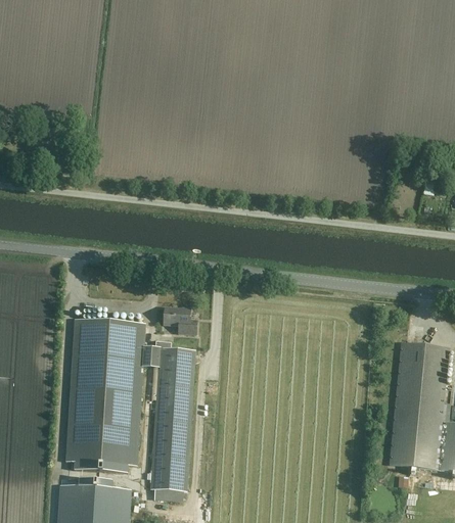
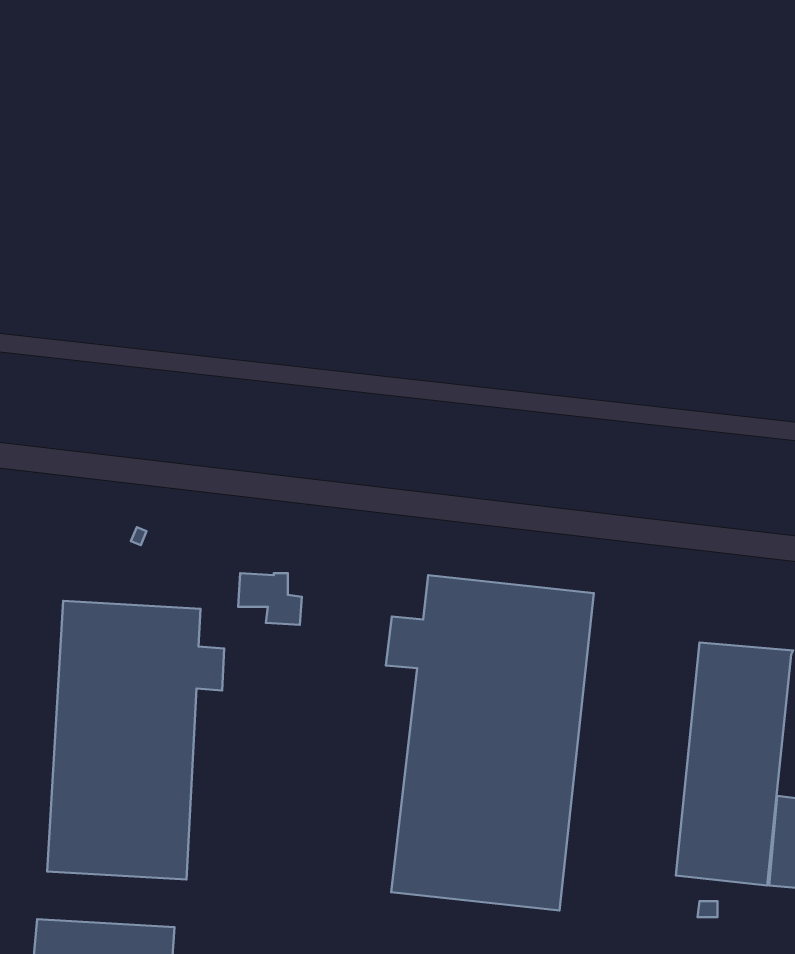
building: none -> [386,575,594,911]
building: [151,348,195,498] -> none

